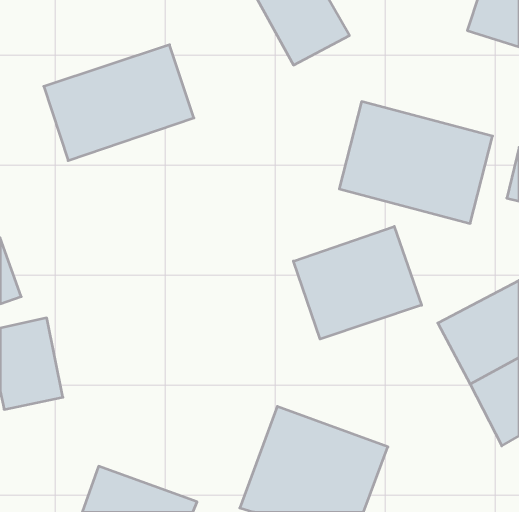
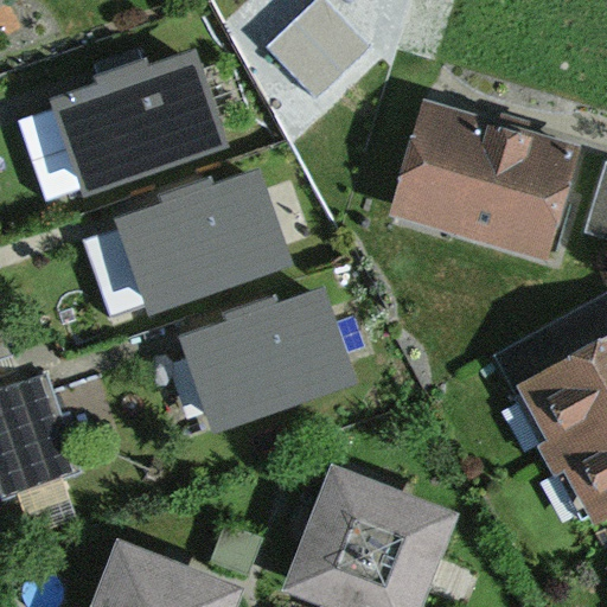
building: none -> [116,175,285,308]
building: [293,226,422,339] -> none
building: none -> [168,288,349,430]

